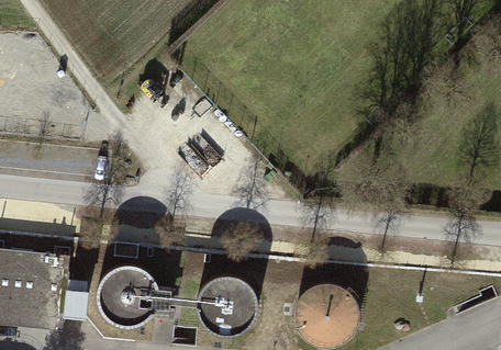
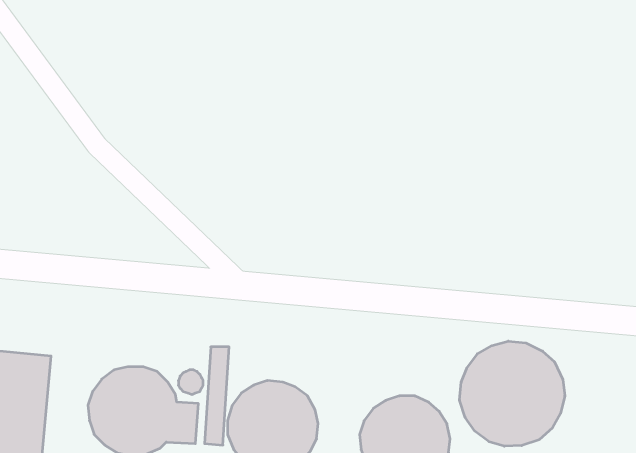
building: none -> [460,341,565,446]

